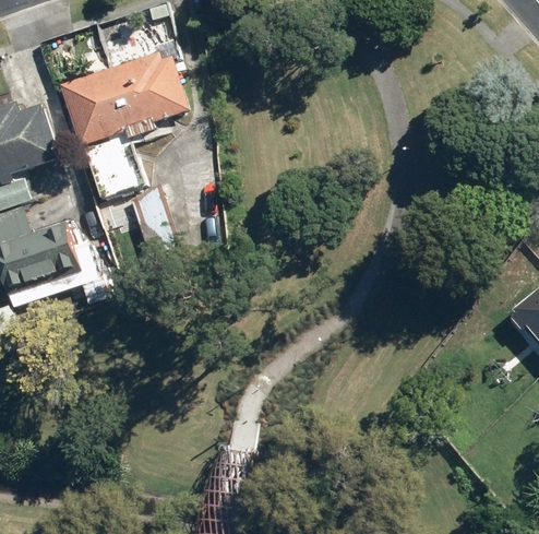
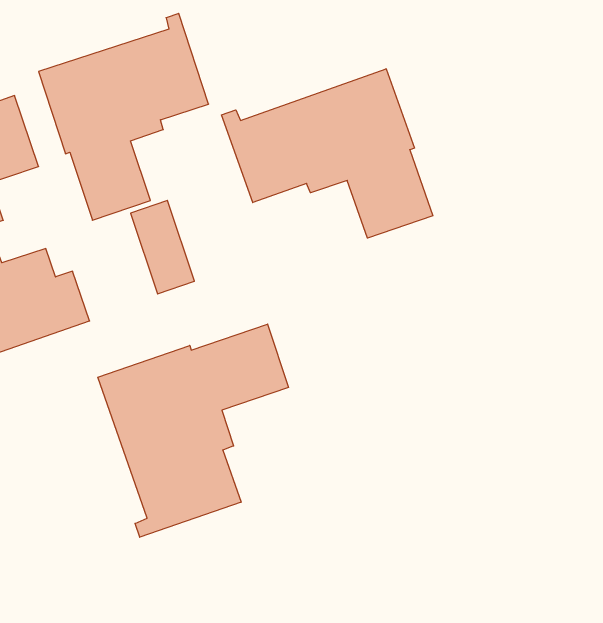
building: none -> [222,69,433,238]
building: none -> [98,324,289,537]

